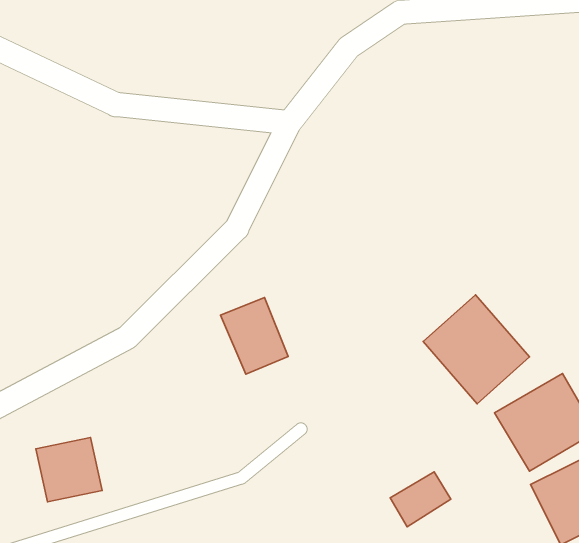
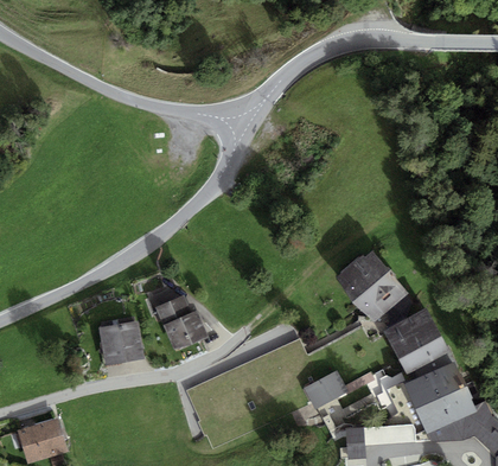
building: [220,298,288,374] -> [161,295,208,349]
building: [36,437,102,502] -> [102,320,147,364]

